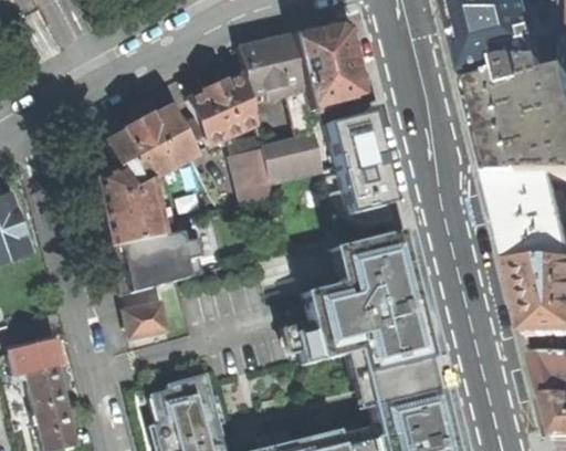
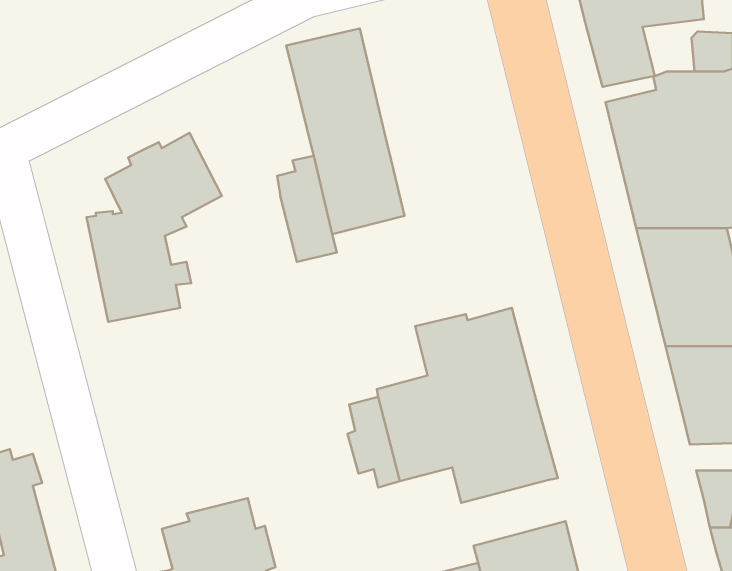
building: [292,21,367,109] -> none
building: [189,73,258,145] -> none
building: [323,114,397,229] -> none
building: [115,233,200,296] -> none
building: [128,303,172,333] -> none
building: [365,359,436,407] -> none

